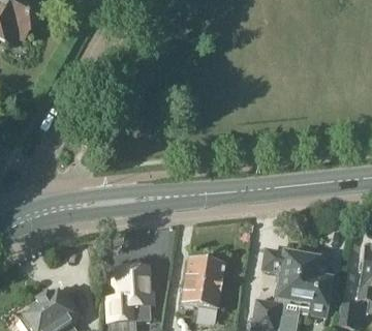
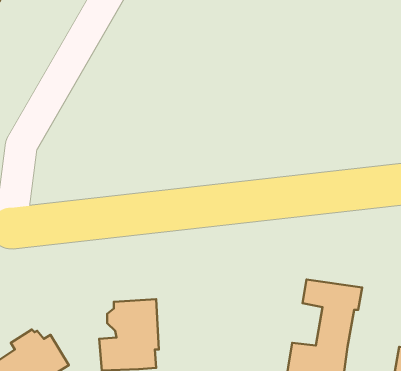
building: [301,252,333,311] -> none
building: [182,260,225,310] -> none

